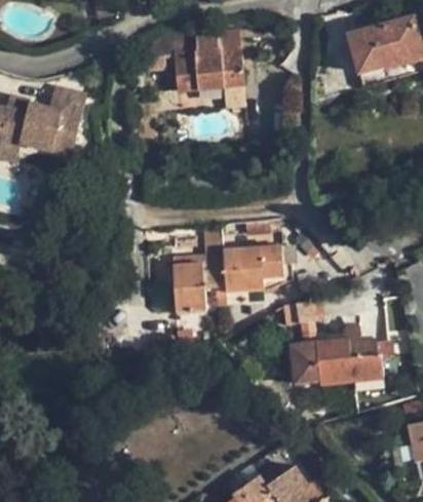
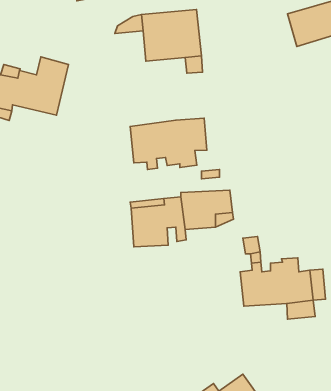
building: none -> [130,118,207,169]

